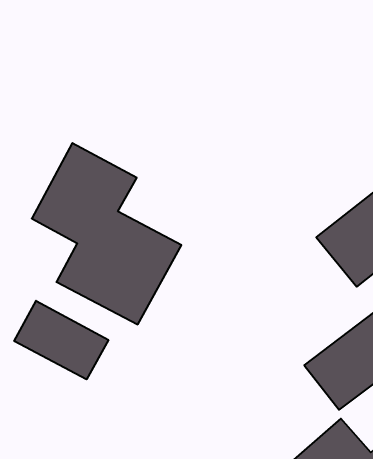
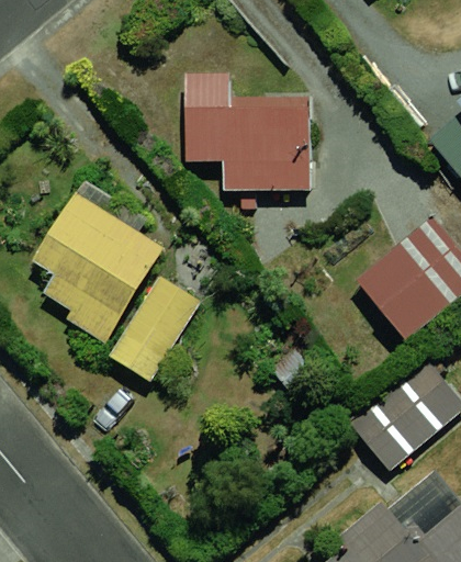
building: none -> [182,71,318,198]
building: [14,301,108,379] -> none

